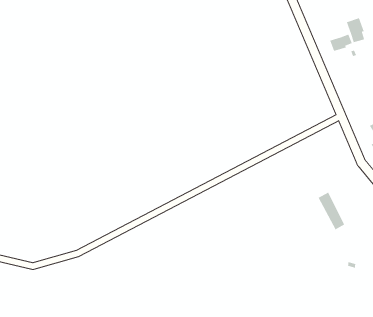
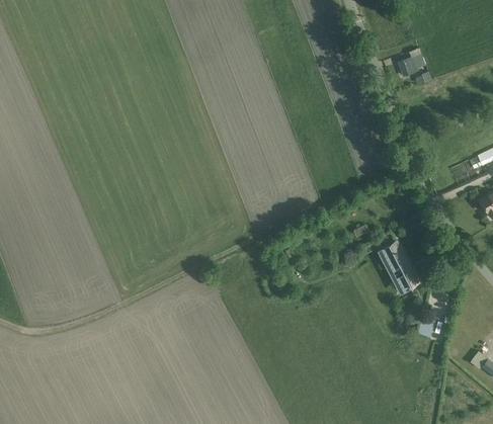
building: [346,17,365,43] -> none

